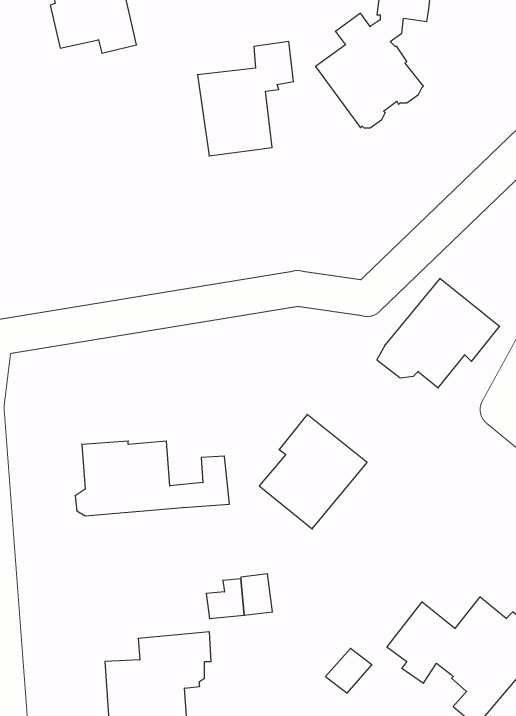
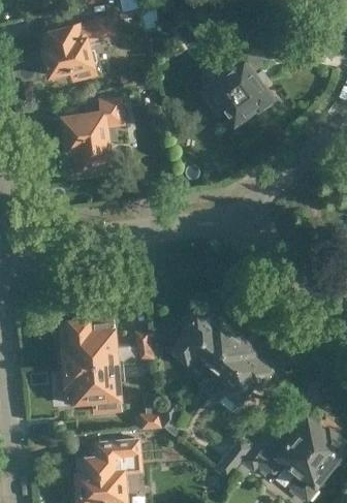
building: [197,42,294,156] -> [64,100,124,171]
building: [377,278,500,388] -> [200,336,277,404]
building: none -> [60,364,126,413]

